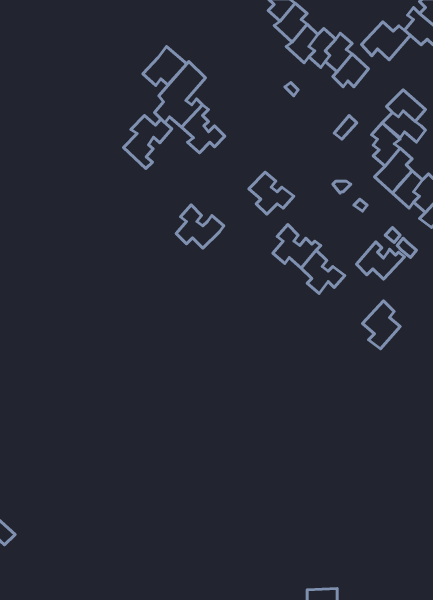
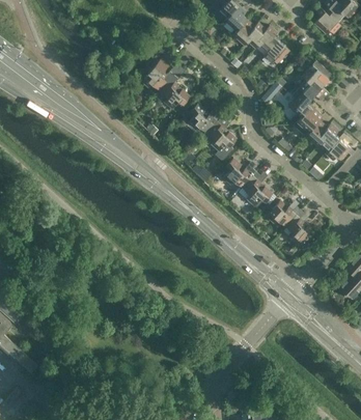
building: [362,22,410,60] -> none
building: [143,46,187,85] -> none
building: [124,115,172,169] -> none
building: [176,205,224,248] -> [188,103,221,133]
building: [356,242,404,279] -> [267,200,300,226]

